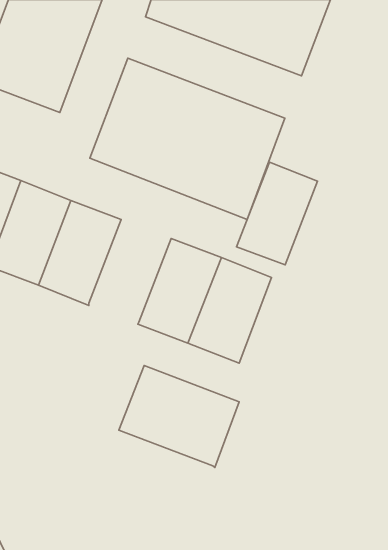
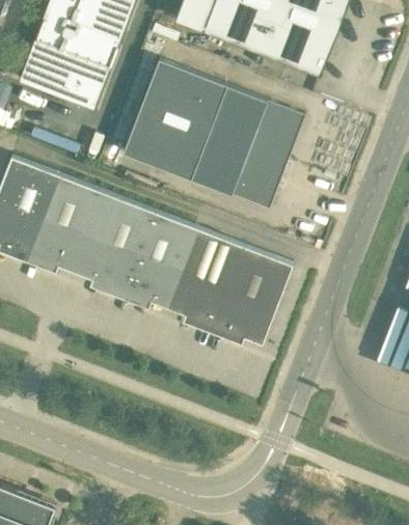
building: [236,162,317,265] -> none
building: none -> [121,210,198,307]
building: [119,365,239,468] -> none

